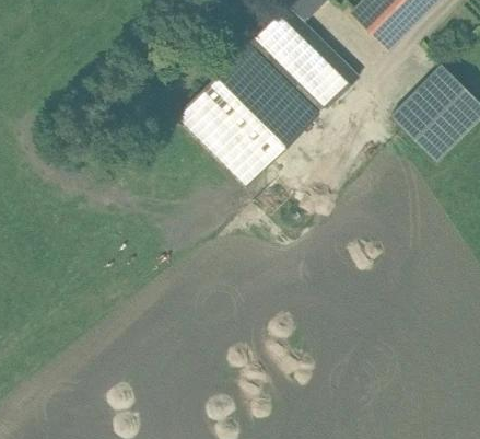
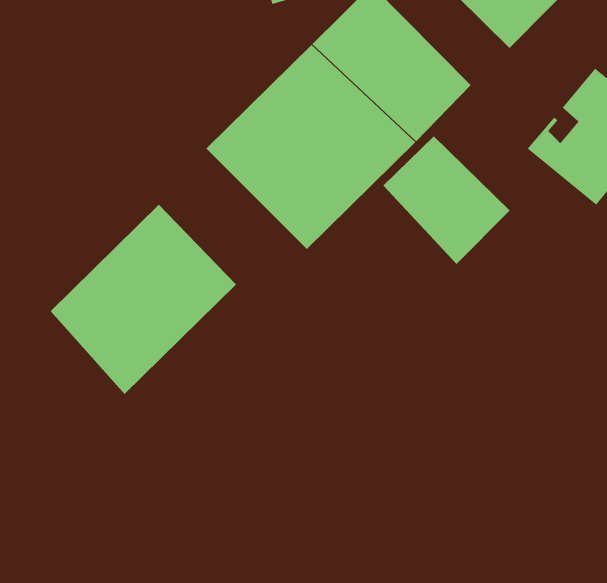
building: none -> [383,135,511,265]
building: none -> [50,204,237,395]

